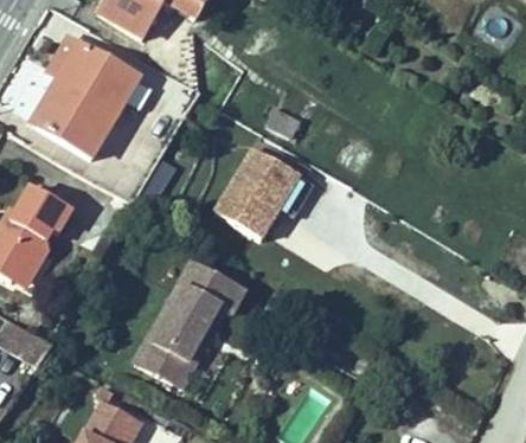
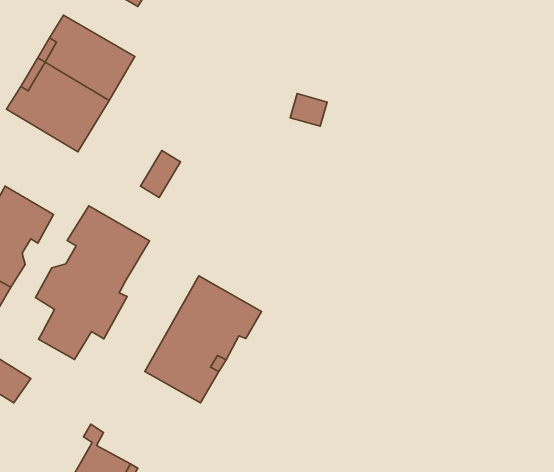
building: [214,145,300,236] -> none
building: none -> [36,206,149,360]
building: [135,339,193,386] -> none

